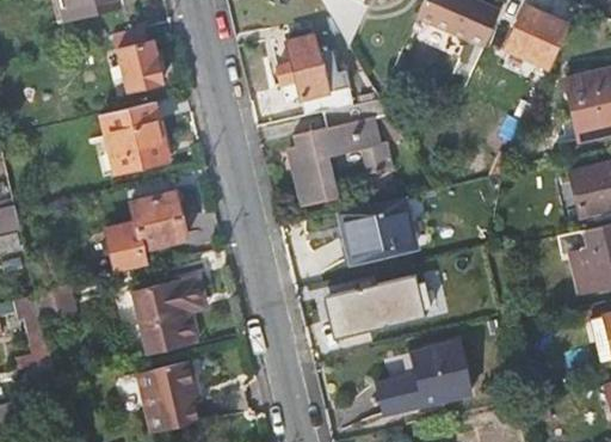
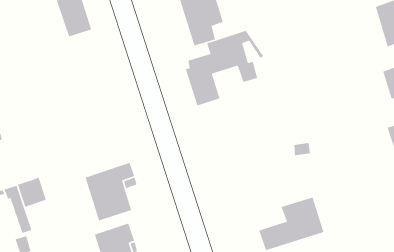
building: [100,100,167,172] -> none
building: [105,192,186,274] -> none
building: [344,202,415,262] -> none
building: [321,275,430,338] -> none

